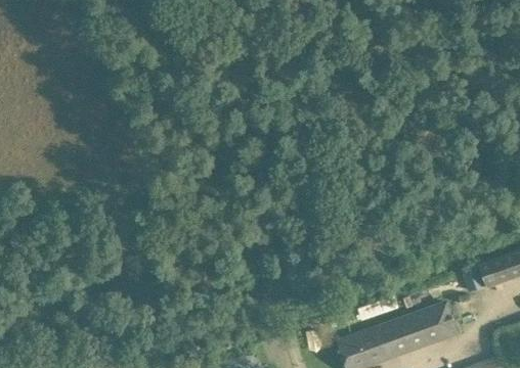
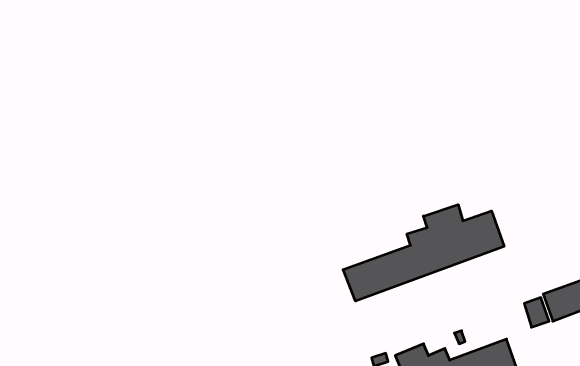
building: none -> [343,205,504,301]

